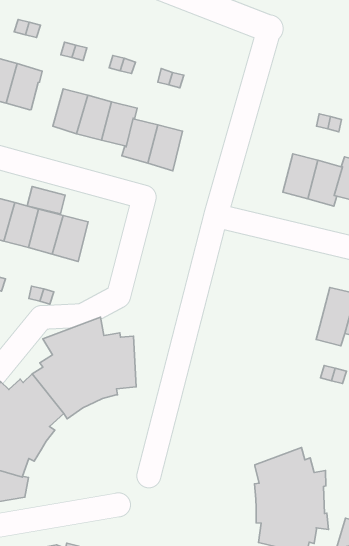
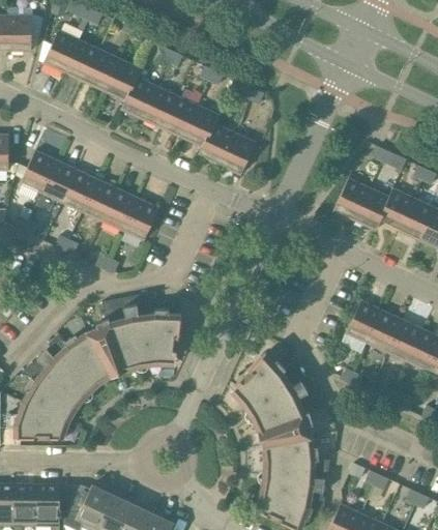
building: none -> [120,78,156,118]
building: [27,187,65,214] -> none
building: none -> [235,353,325,446]

